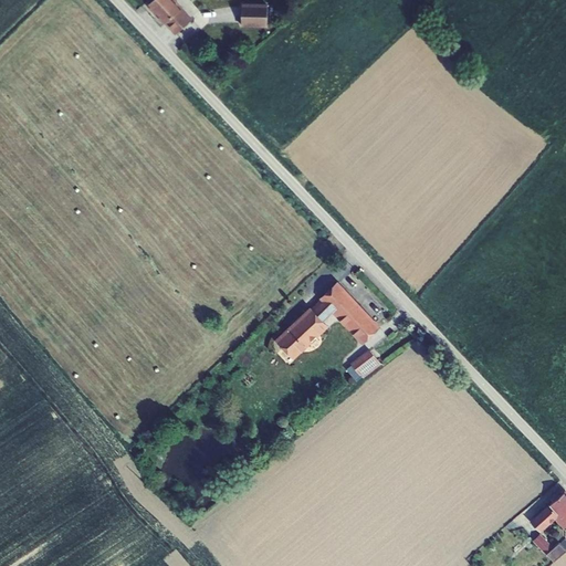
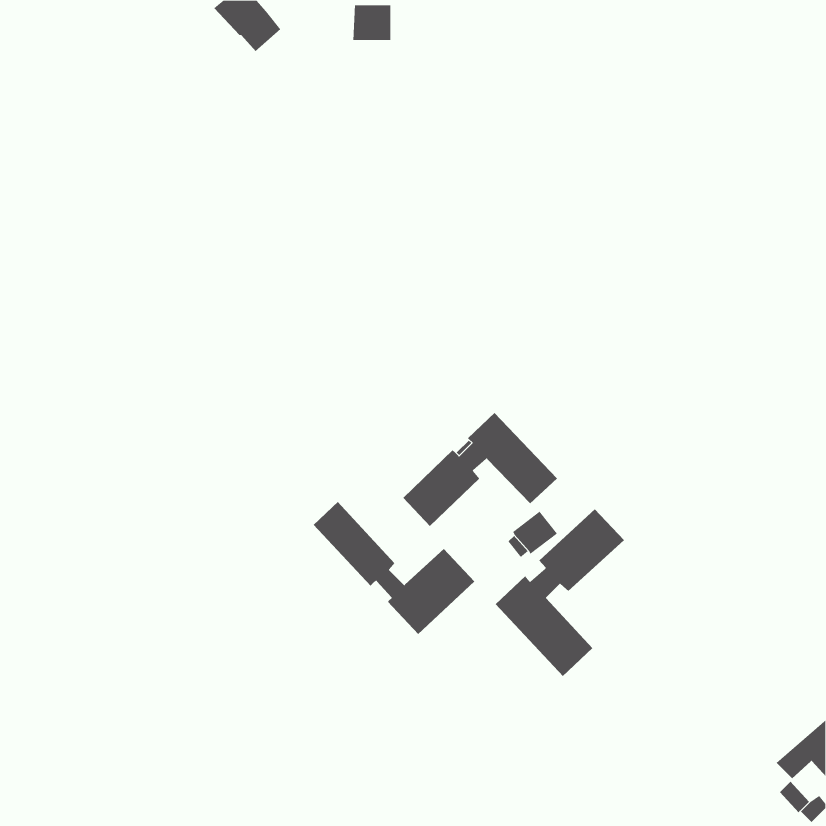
building: none -> [313,501,475,635]
building: none -> [495,508,625,677]

